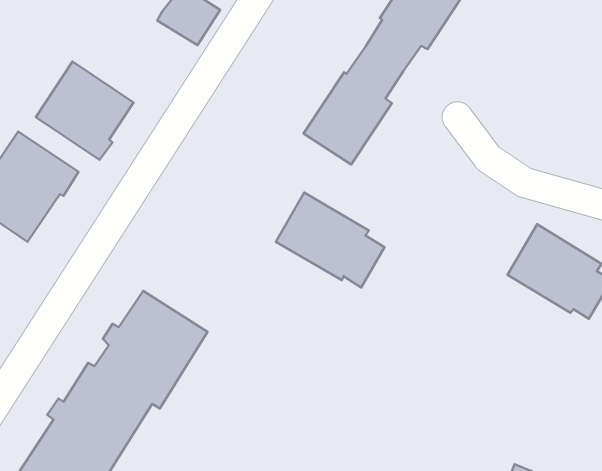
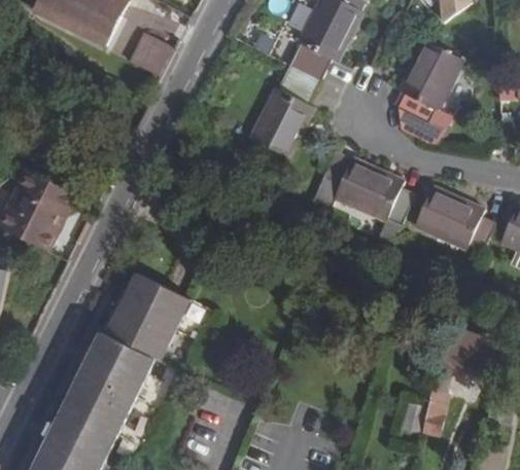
building: none -> [395,46,460,129]
building: [36,62,134,160] -> none
building: [276,192,384,288] -> [331,164,414,231]

